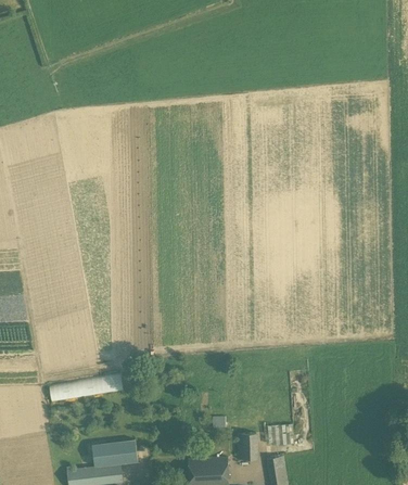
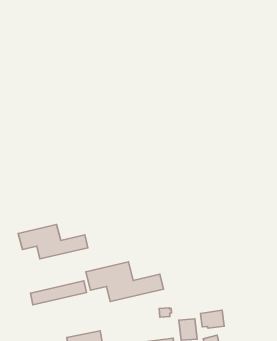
building: none -> [18,225,88,259]
building: none -> [86,262,163,302]

